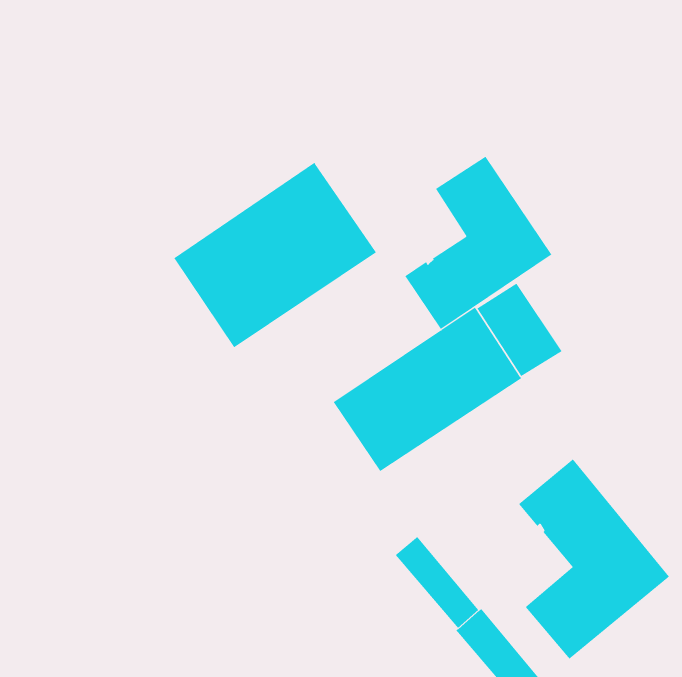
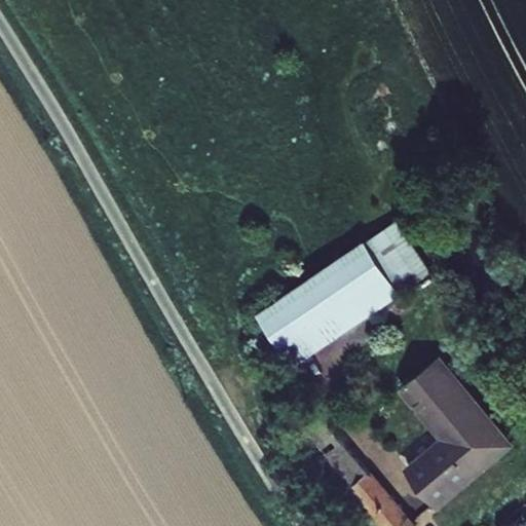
building: [405,156,552,330] -> none
building: [174,162,376,348] -> none

